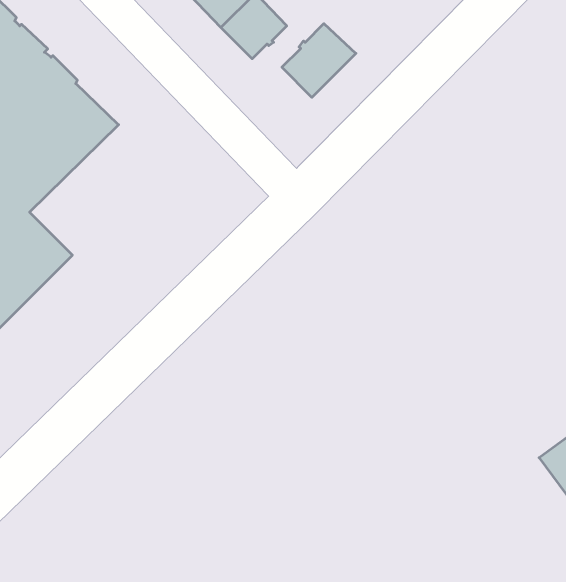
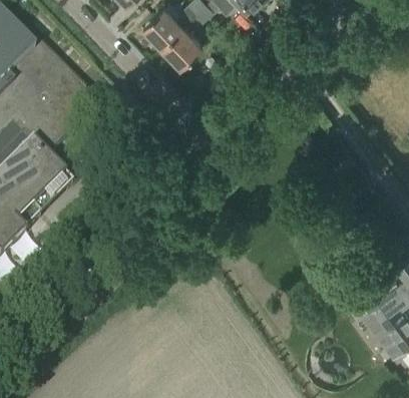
building: [282,24,356,97] -> none

